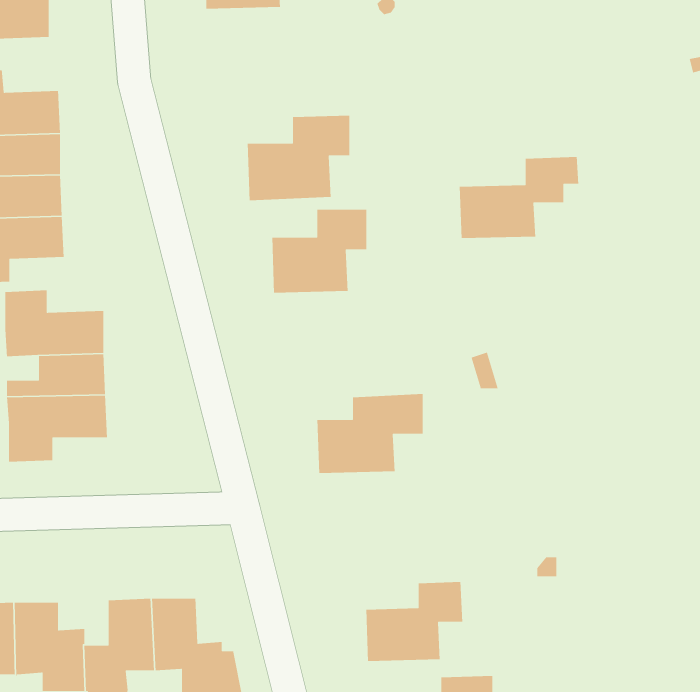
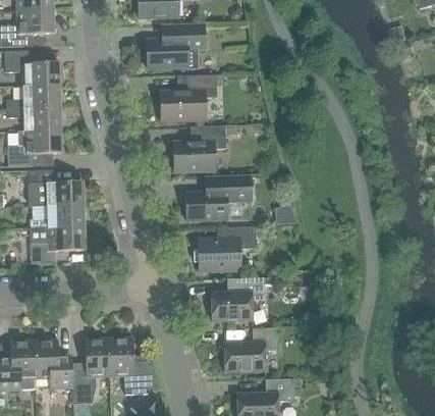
building: none -> [147,24,204,69]
building: [459,156,579,239] -> [185,176,251,221]
building: none -> [211,278,264,322]

